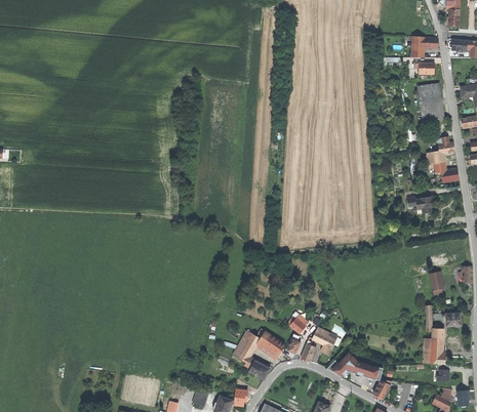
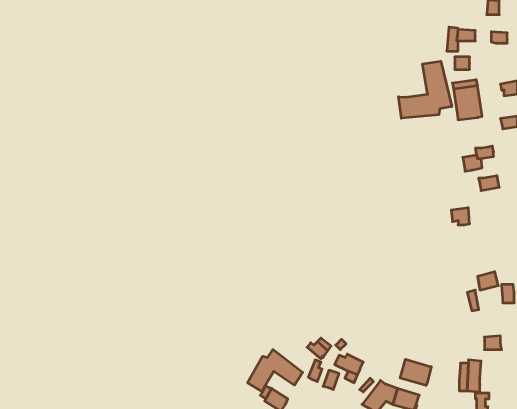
building: none -> [399,61,452,118]
building: none -> [400,359,431,385]

